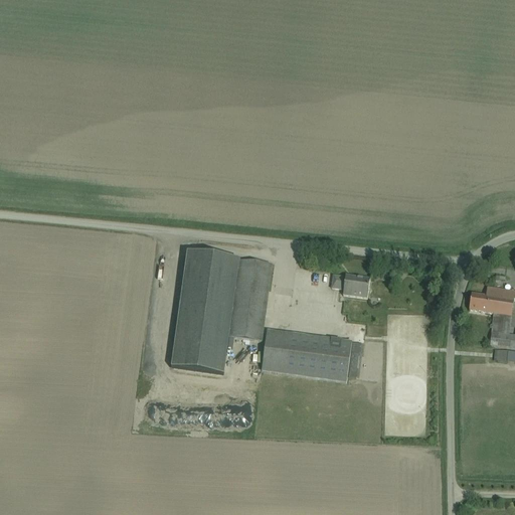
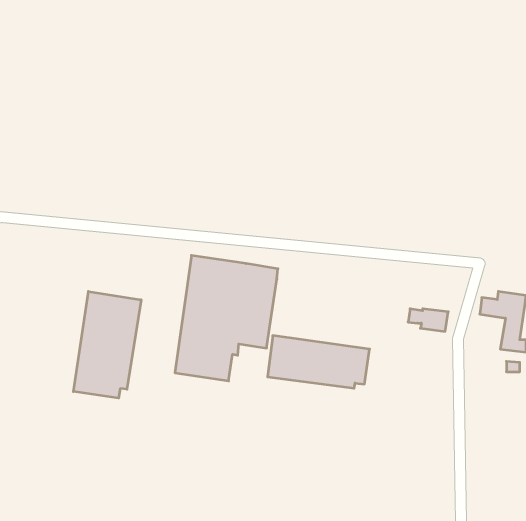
building: [331,273,370,295] -> [408,309,448,331]
building: none -> [73,291,141,398]

